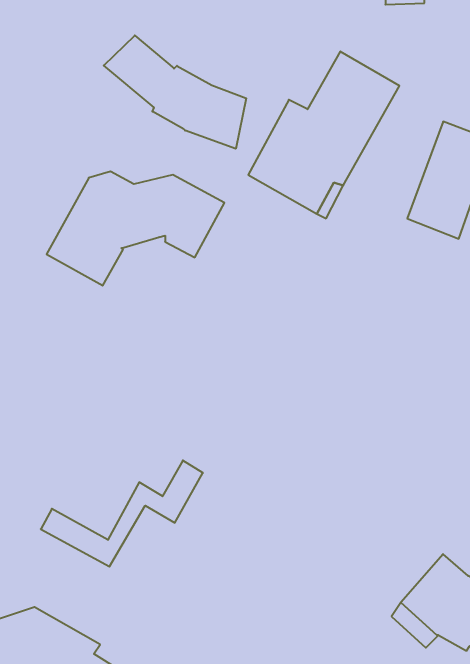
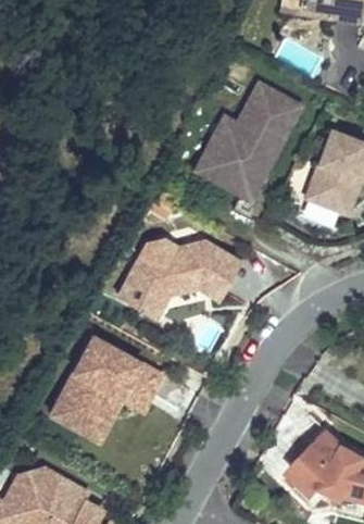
building: [104,35,246,149] -> none
building: [47,172,224,286] -> [117,237,241,316]
building: none -> [57,336,148,422]

